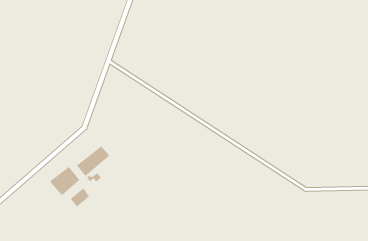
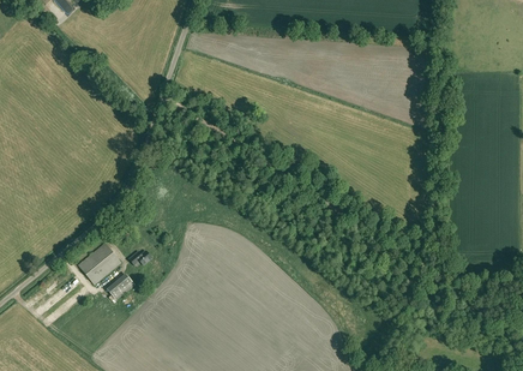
building: [76,145,110,177] -> none

